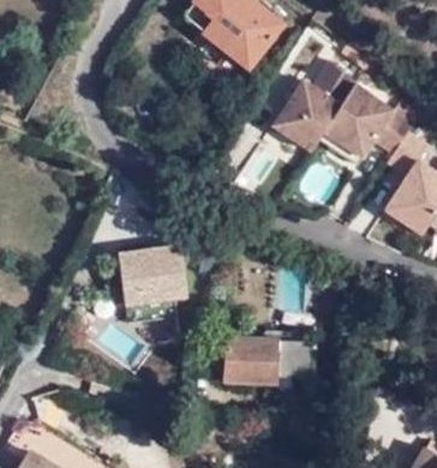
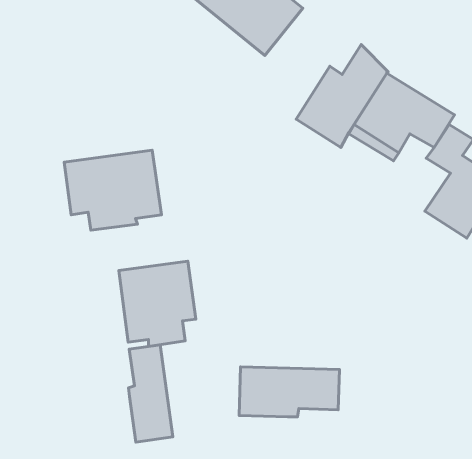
building: none -> [64,150,161,230]
building: none -> [128,345,173,442]

